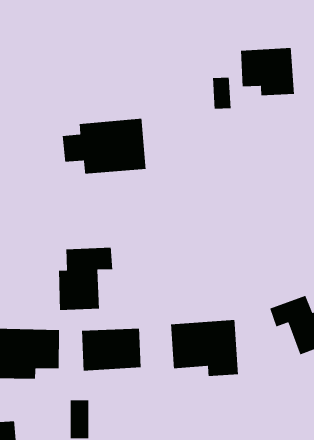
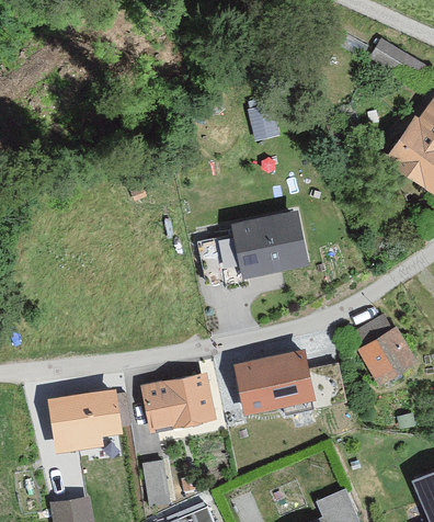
building: [240,47,295,96] -> none
building: [62,118,146,174] -> [213,205,308,274]
building: [58,247,113,311] -> none

